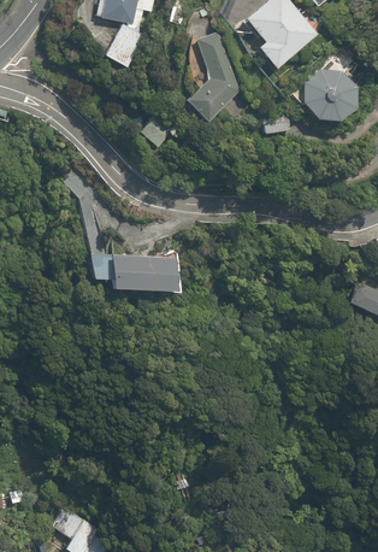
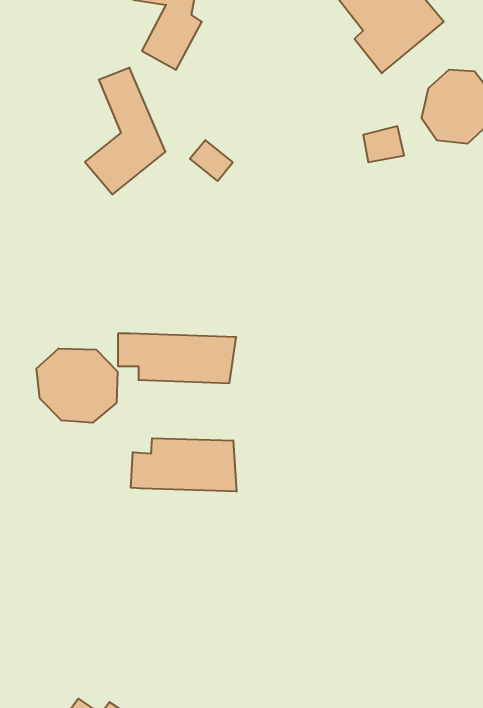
building: [187,31,243,121] -> [85,68,166,195]
building: none -> [36,348,118,423]
building: none -> [131,438,236,492]

